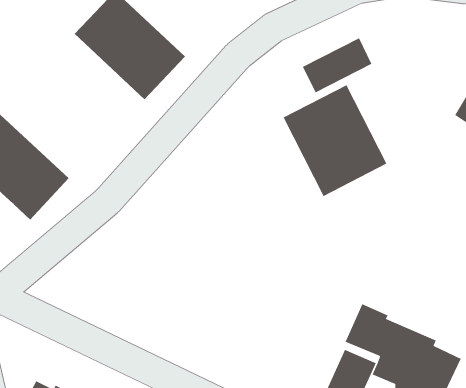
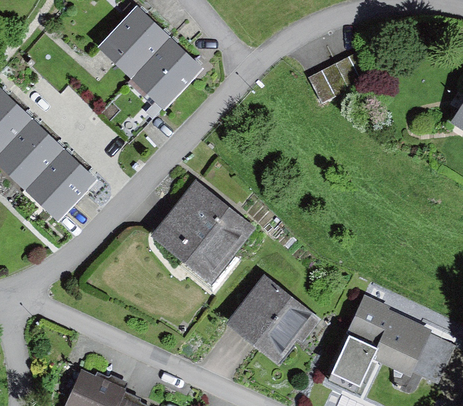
building: [283,84,388,197] -> none
building: none -> [150,179,255,284]
building: none -> [227,275,320,362]

